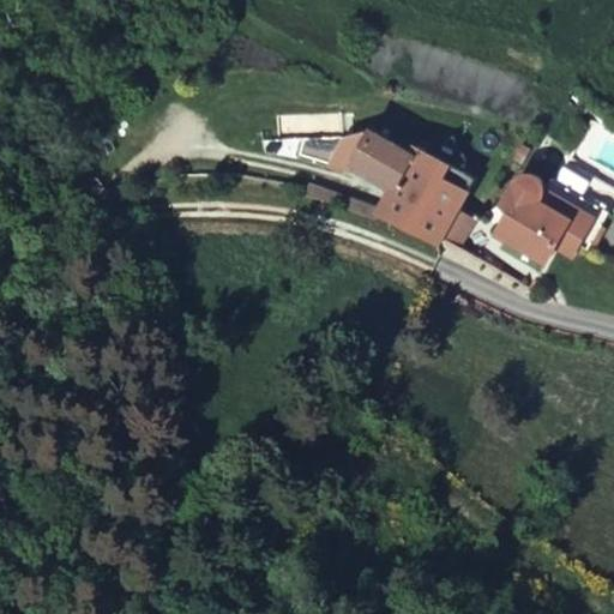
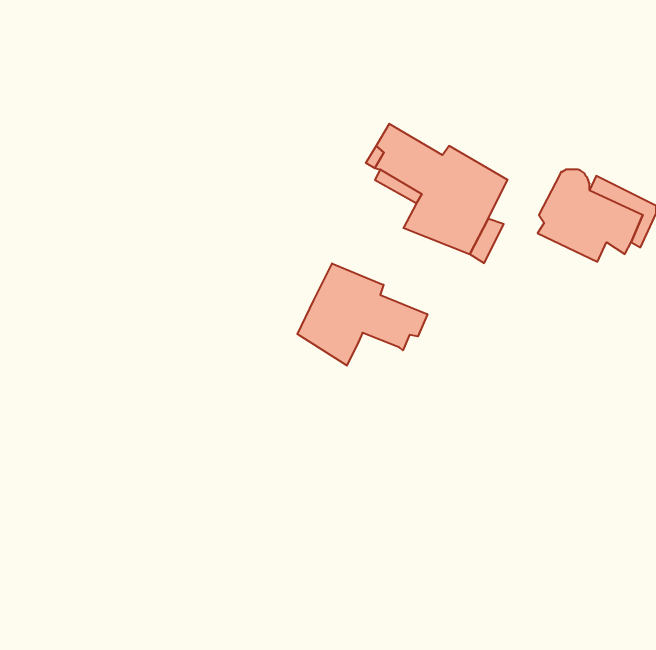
building: none -> [297,263,427,366]

